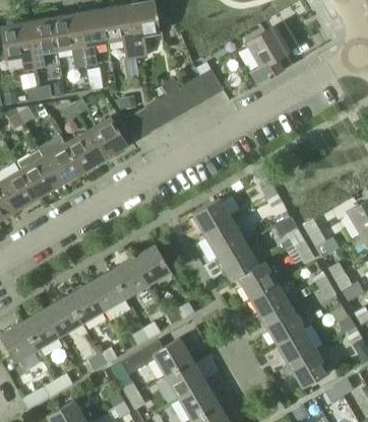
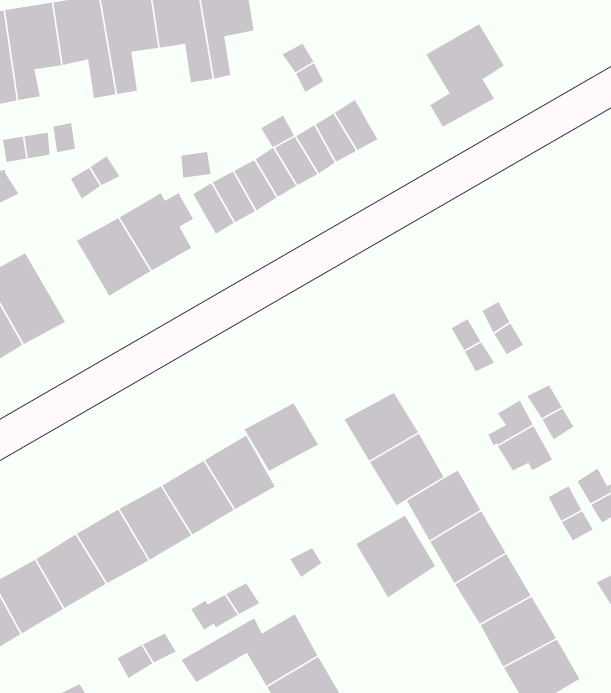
building: [38,134,82,186] -> none
building: [192,200,232,236] -> [243,402,319,472]
building: none -> [355,514,436,599]

